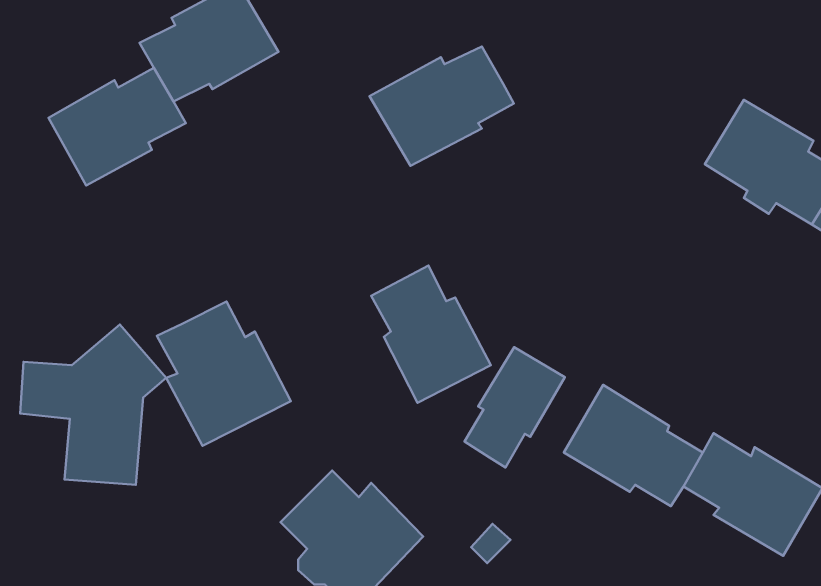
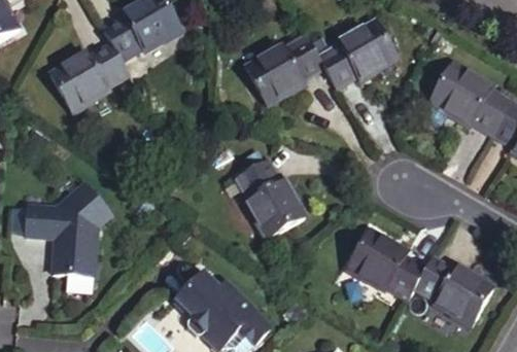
building: none -> [311,17,392,86]
building: [157,301,291,446] -> none
building: [464,347,565,468] -> none

